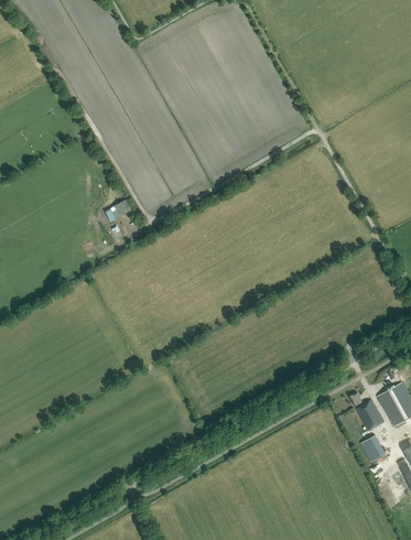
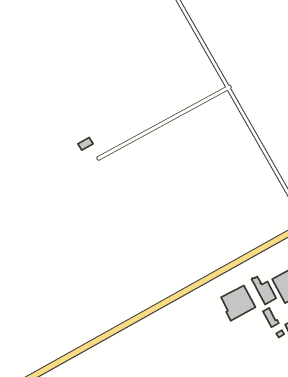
building: none -> [221,285,255,321]

